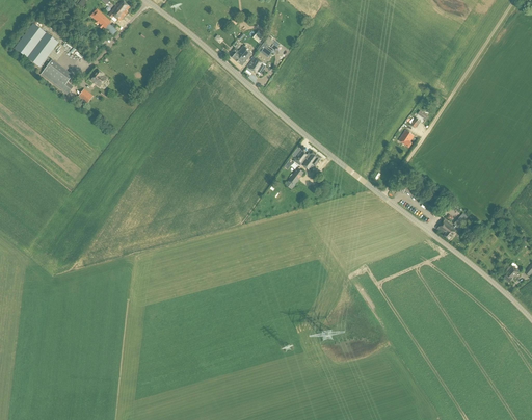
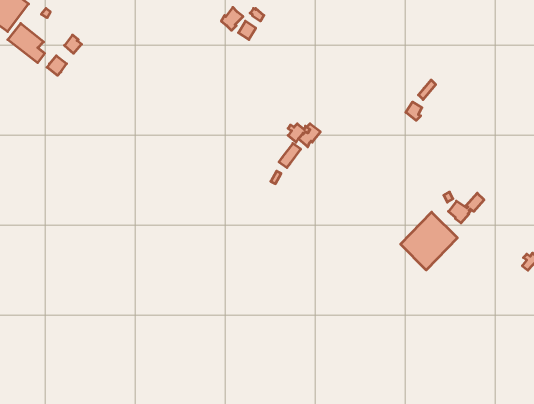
building: none -> [401,212,457,270]

